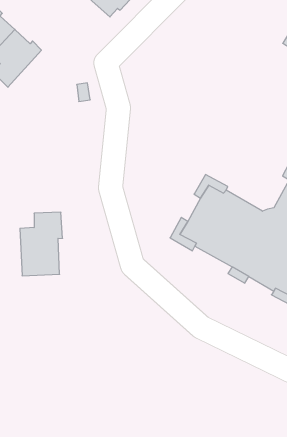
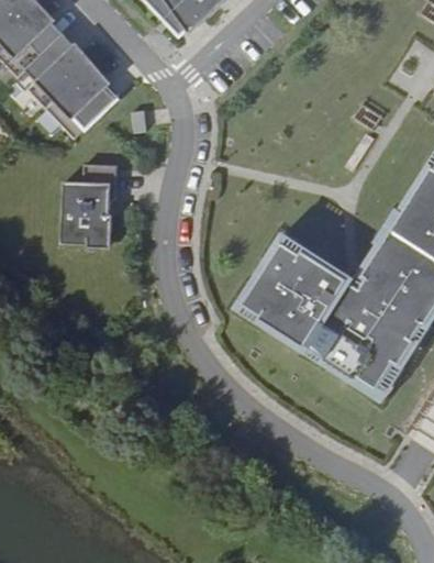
building: none -> [47,65,118,128]
building: [20,212,63,276] -> [67,161,120,238]

